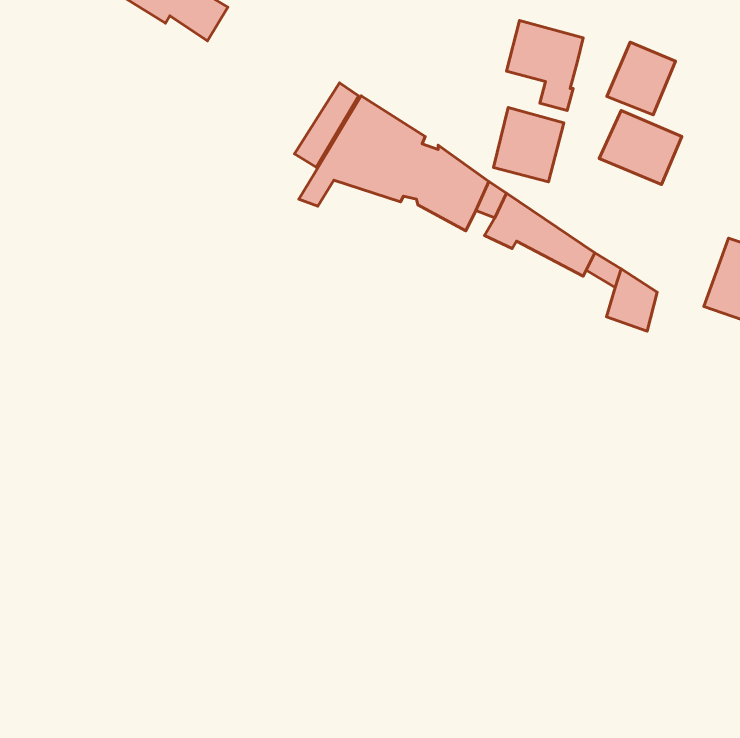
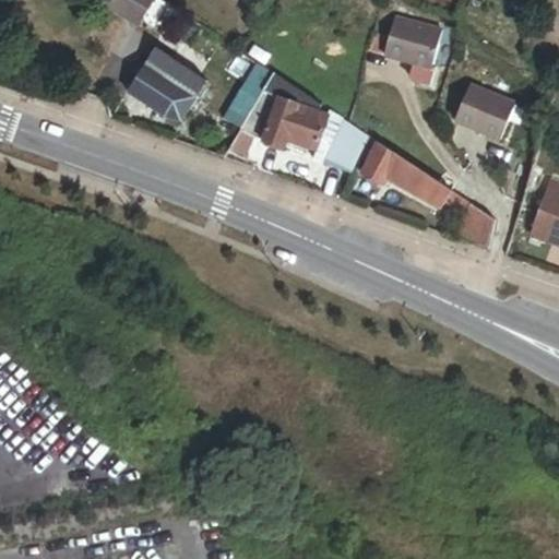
building: [607,42,676,115] -> none
building: none -> [127,47,205,120]
building: [493,108,564,182] -> none

